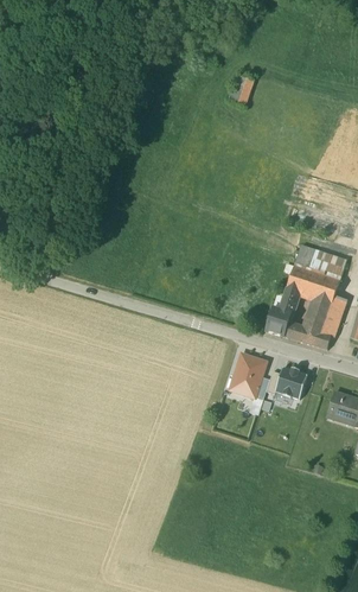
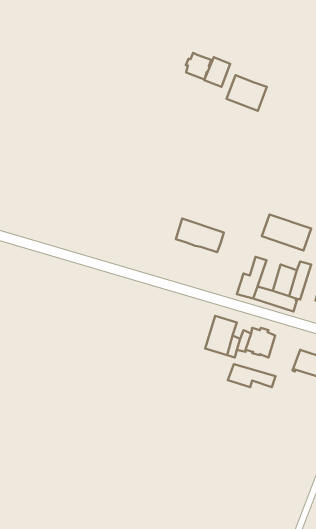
building: none -> [186,53,211,79]
building: none -> [227,75,267,111]
building: [286,267,338,304] -> [176,218,224,252]
building: none -> [228,364,275,387]

